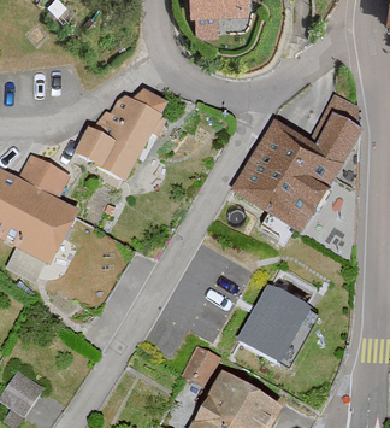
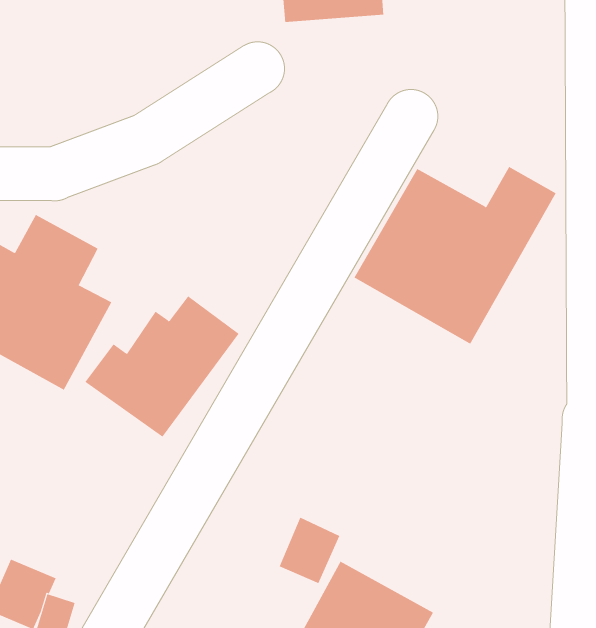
building: [78,88,176,177] -> [84,296,240,437]
building: [237,281,308,359] -> none

